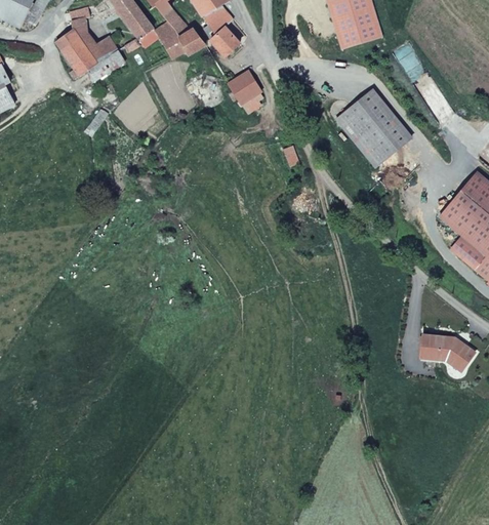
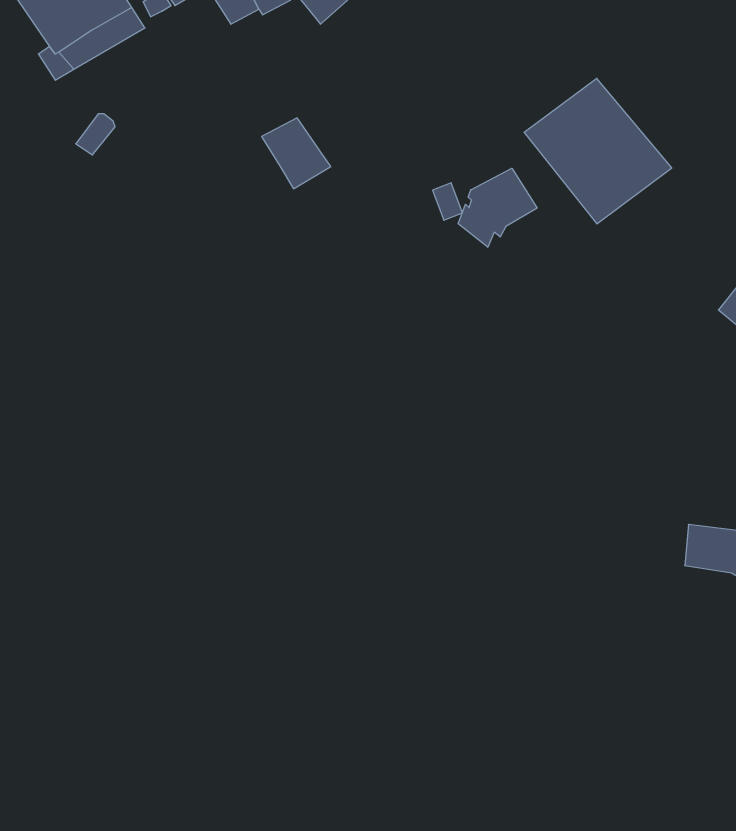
building: [227,70,264,109] -> [262,118,331,189]
building: none -> [458,168,537,247]

